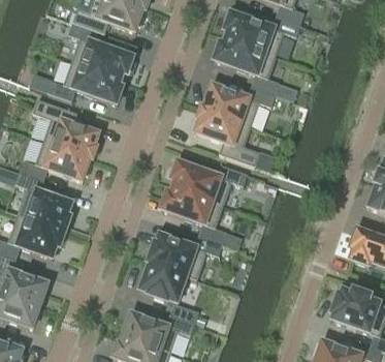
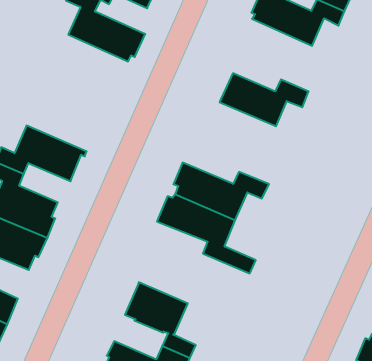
building: [212,34,280,91] -> none
building: [47,59,126,104] -> none
building: [33,97,101,155] -> none
building: [193,101,259,163] -> none
building: [146,231,223,277] -> none

